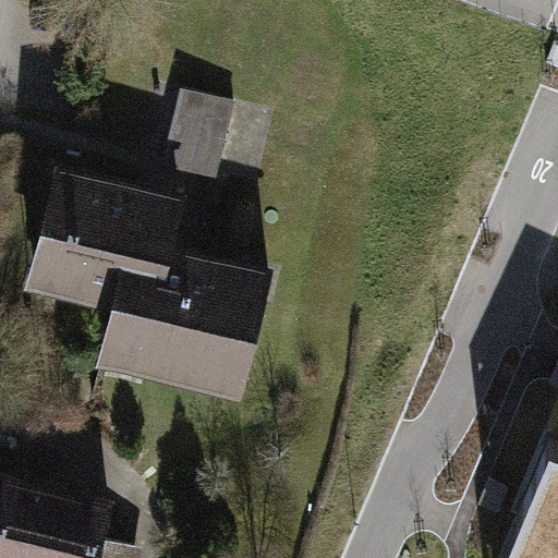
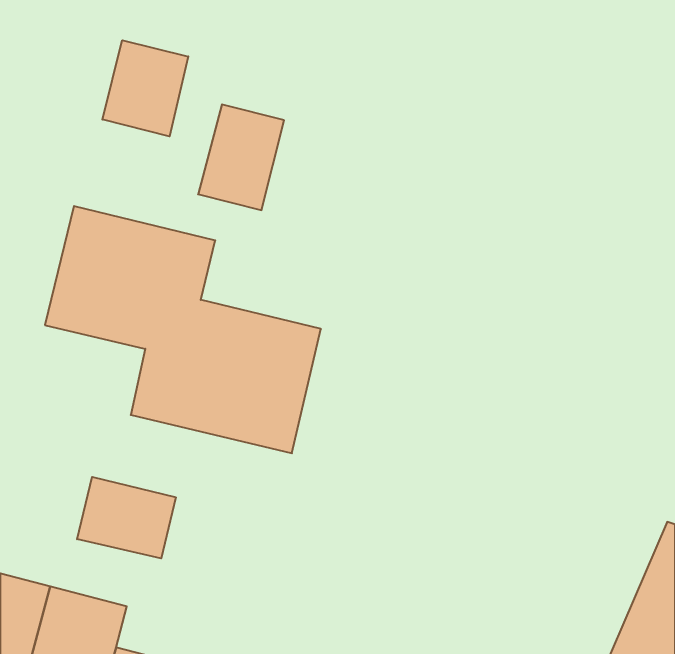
building: none -> [102,40,188,136]
building: none -> [77,477,176,558]

